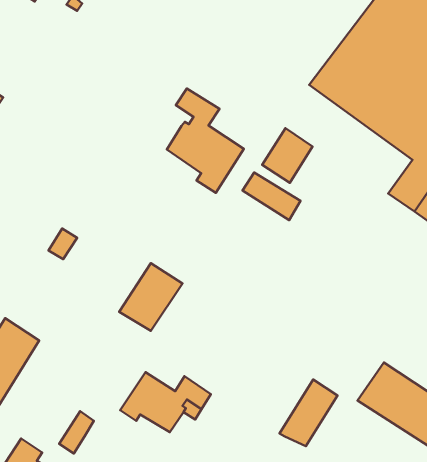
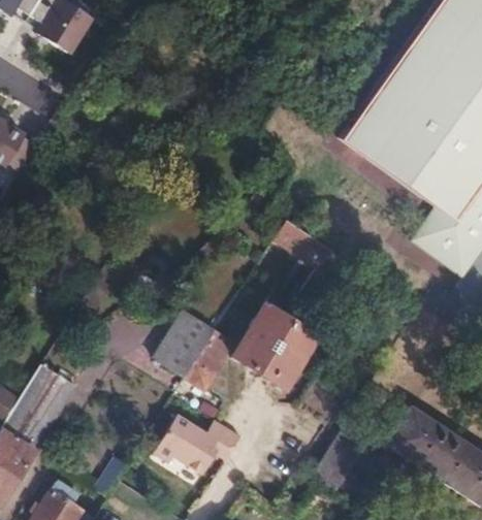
building: [167,88,244,193] -> none
building: [262,128,313,183] -> none
building: none -> [232,295,314,389]
building: none -> [183,329,227,391]

